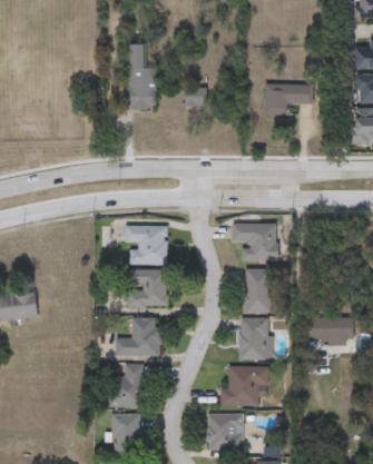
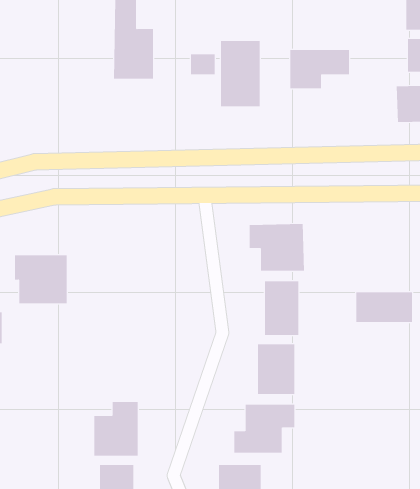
building: none -> [220,40,260,107]
building: [125,225,167,264] -> [14,255,67,304]
building: [128,268,168,307] -> none
building: [307,316,353,340] -> [356,292,413,323]
building: [115,317,160,356] -> none

